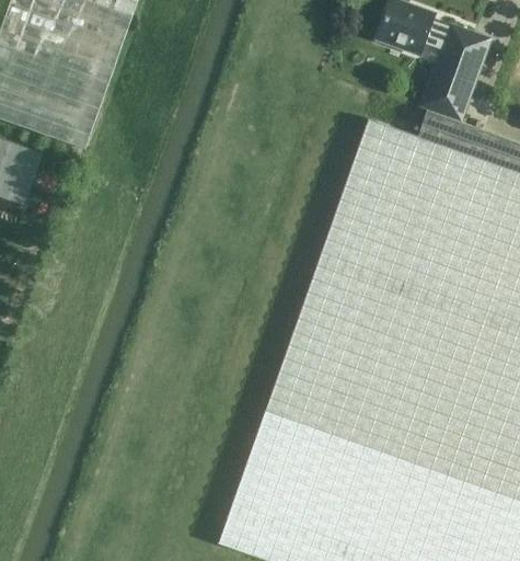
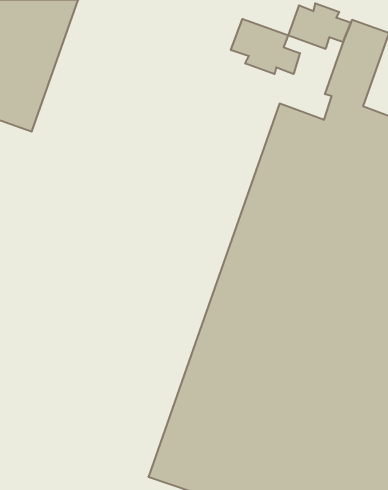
building: none -> [231,19,300,74]

